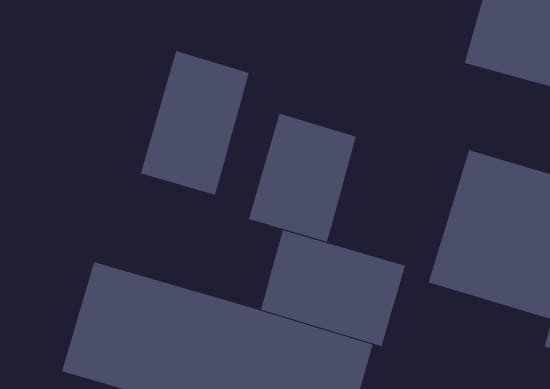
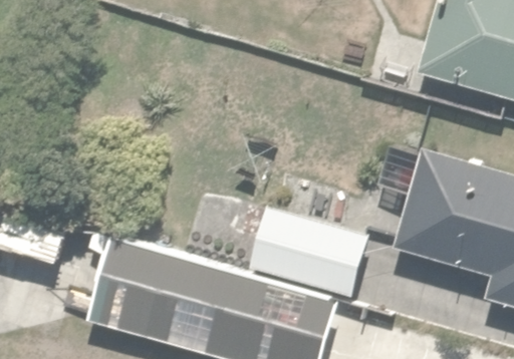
building: [140,50,249,196] -> none
building: [248,113,357,243] -> none

